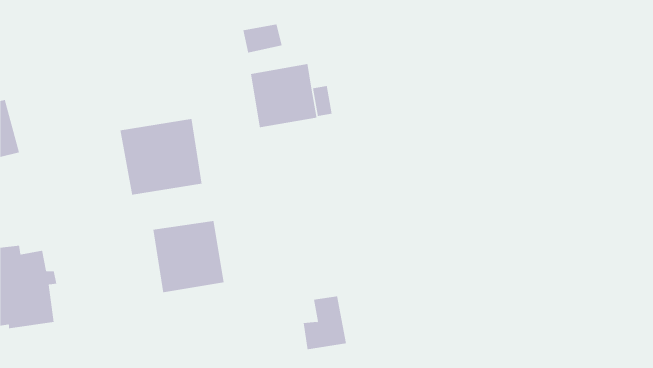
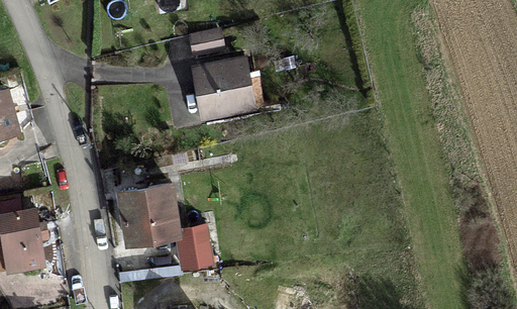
building: [120,118,202,195] -> none
building: [303,296,347,350] -> [179,227,213,270]

